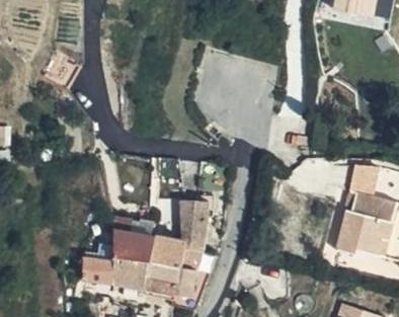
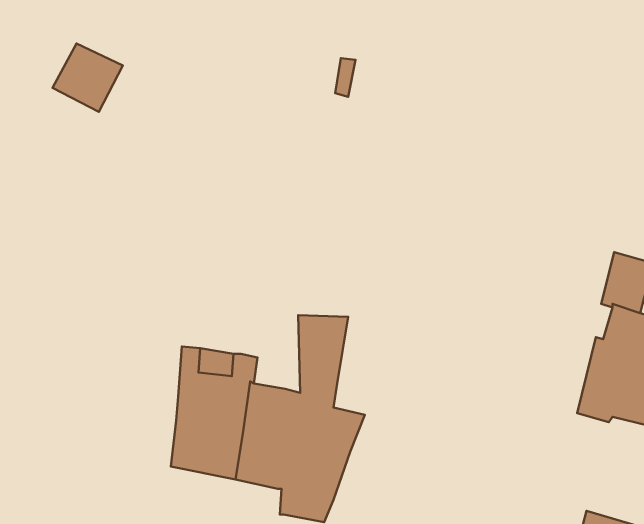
building: [83,242,113,282] -> none

